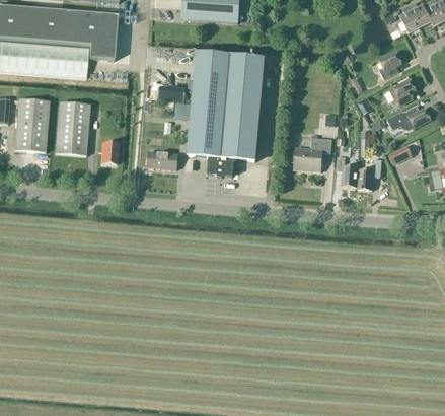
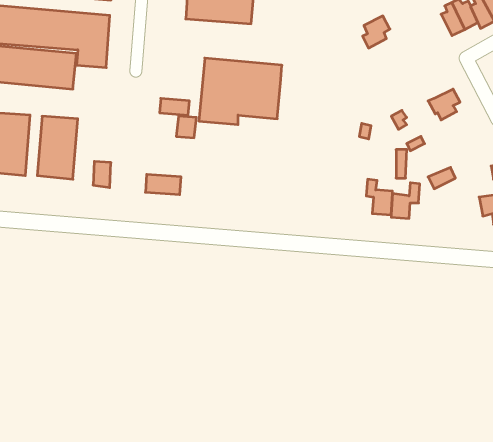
building: [378,51,401,78] -> [363,16,390,48]
building: [189,100,259,176] -> none
building: [386,105,431,128] -> none
building: [294,137,331,170] -> none

